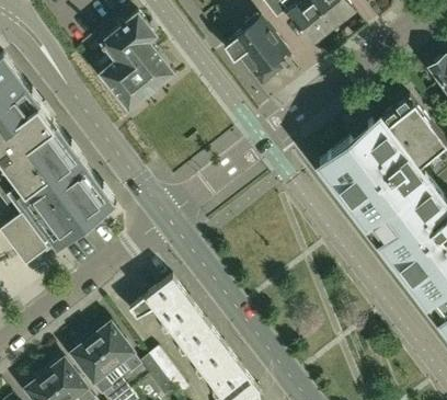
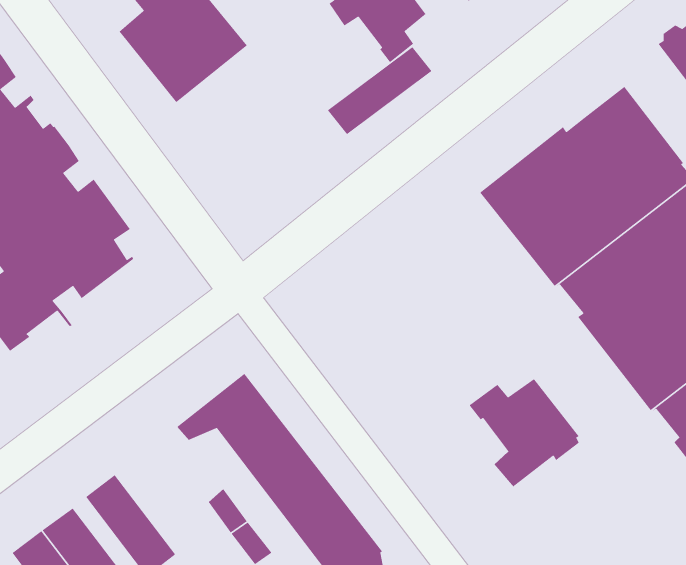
building: none -> [327,46,432,135]
building: none -> [469,378,580,488]
building: [89,325,147,390] -> none

